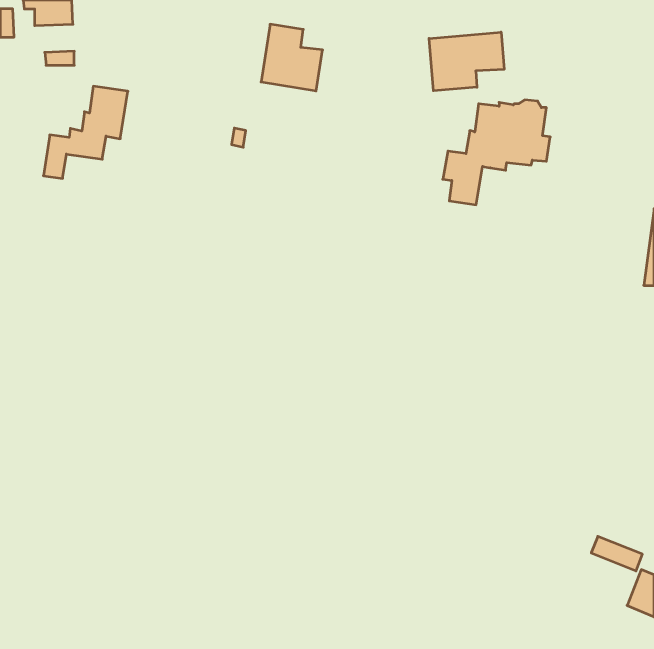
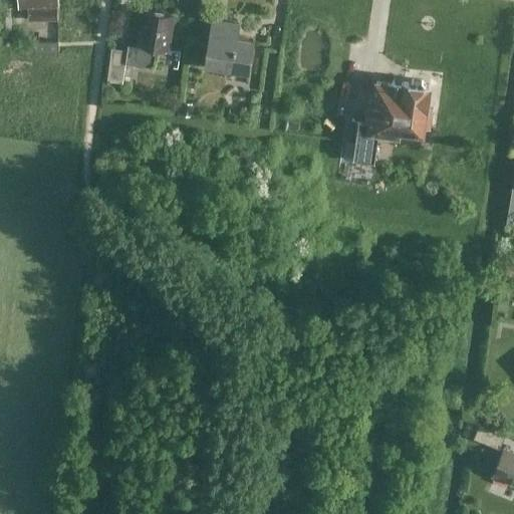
building: [429,32,504,91] -> none
building: [43,86,128,178] -> [106,13,173,85]

